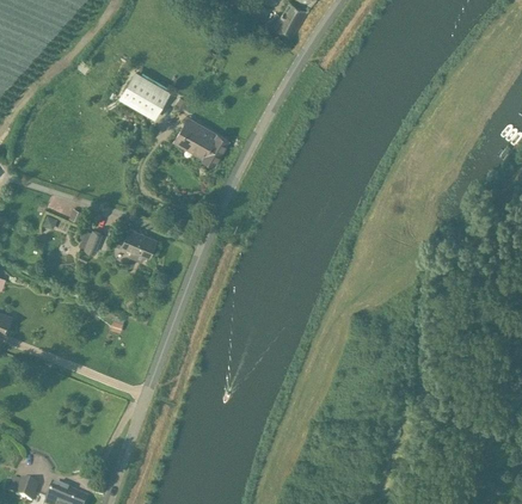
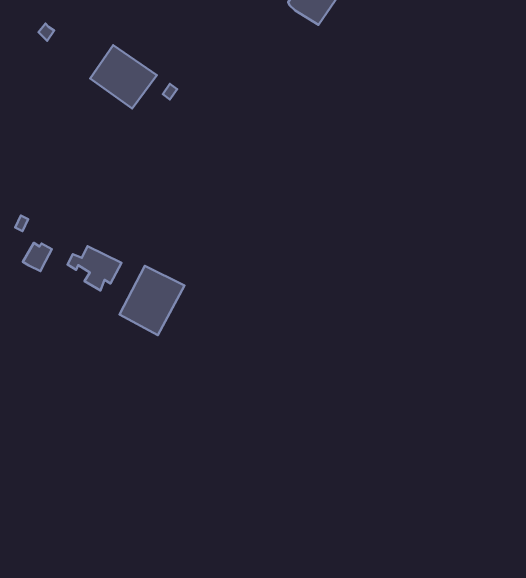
building: [176,117,229,165] -> none
building: none -> [120,266,184,335]

